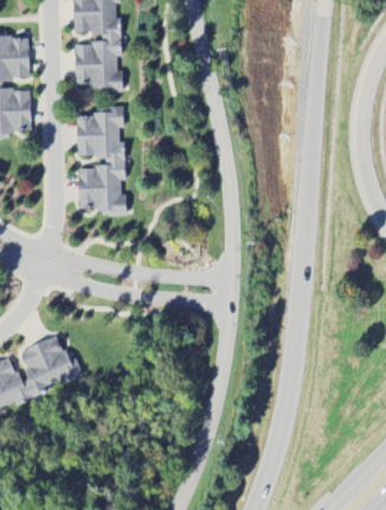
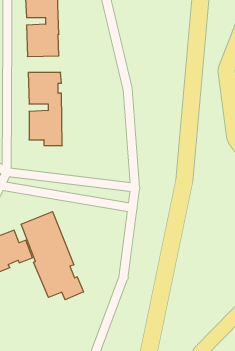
building: none -> [21,212,84,300]

